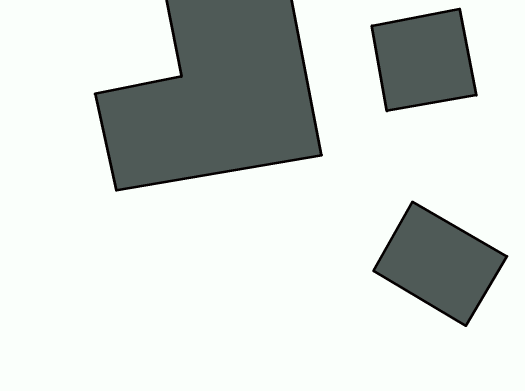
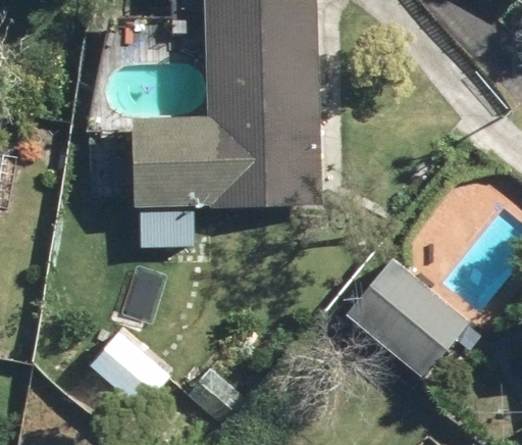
building: [372,9,476,111] -> none

